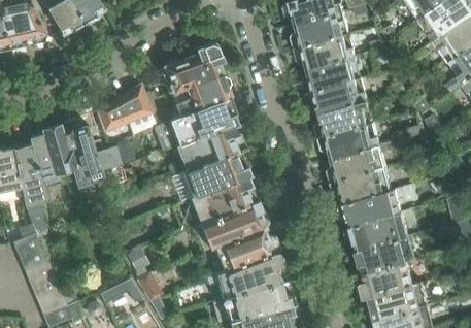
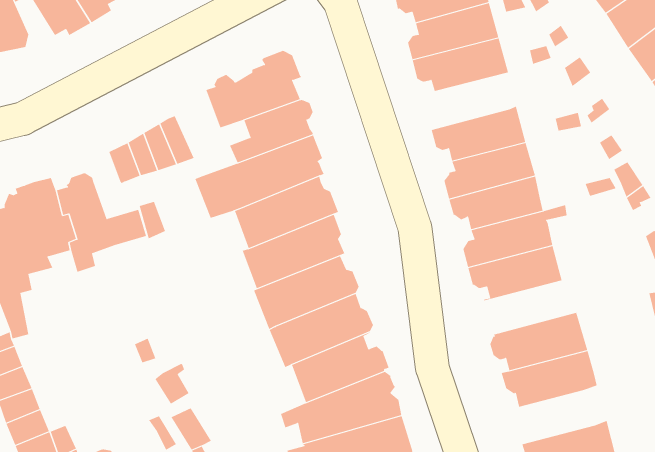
building: [303,57,359,94] -> none
building: [338,191,401,226] -> none
building: [360,263,412,298] -> none

